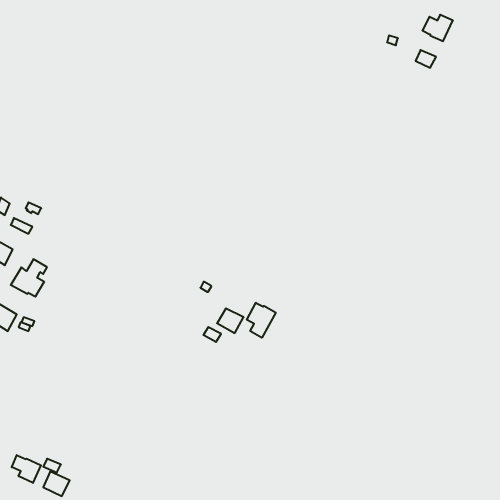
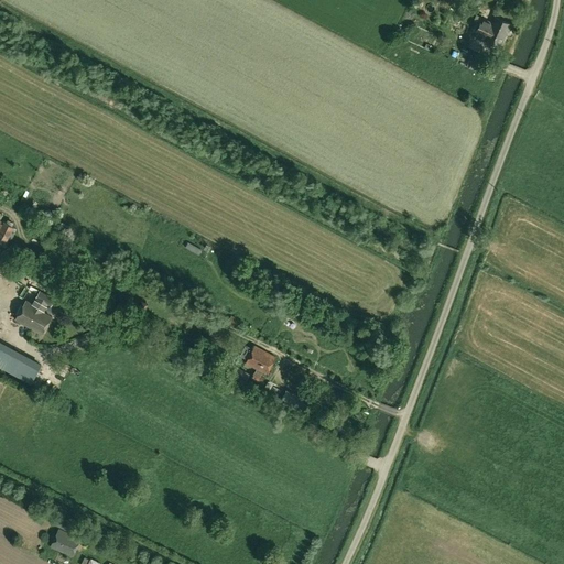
building: [247,303,276,338] -> none
building: [12,455,41,483] -> none

